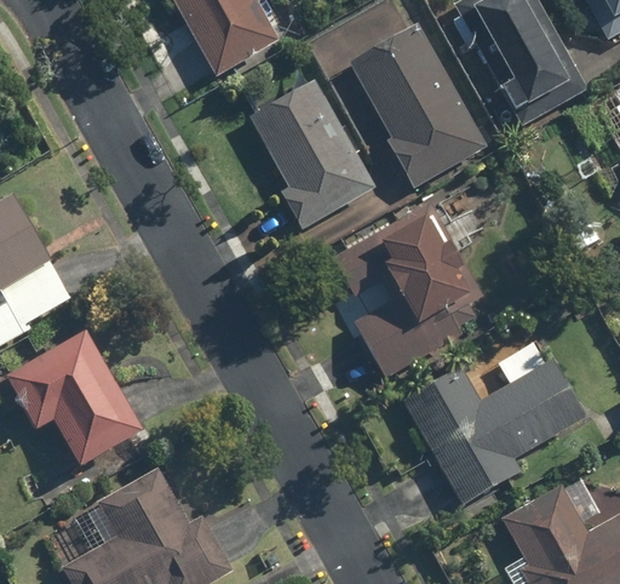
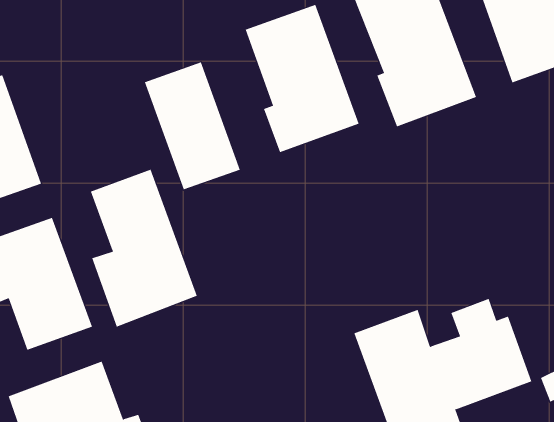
building: none -> [144,62,240,190]
building: [323,206,475,379] -> none
building: none -> [90,169,198,327]

